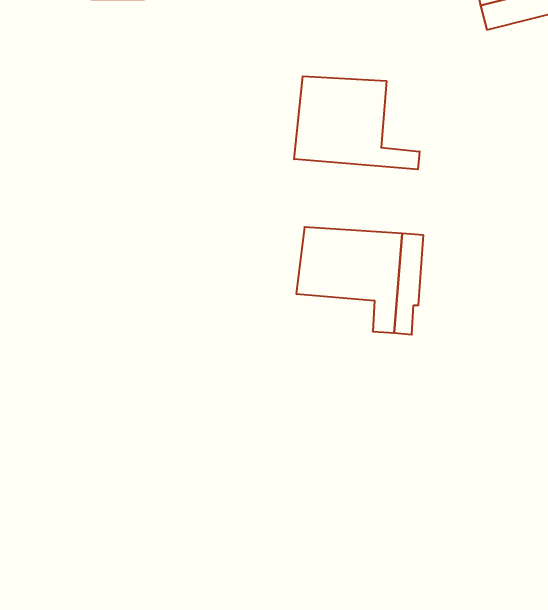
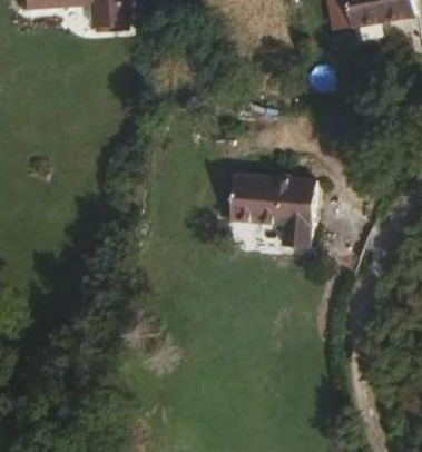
building: [294,76,420,169] -> none

